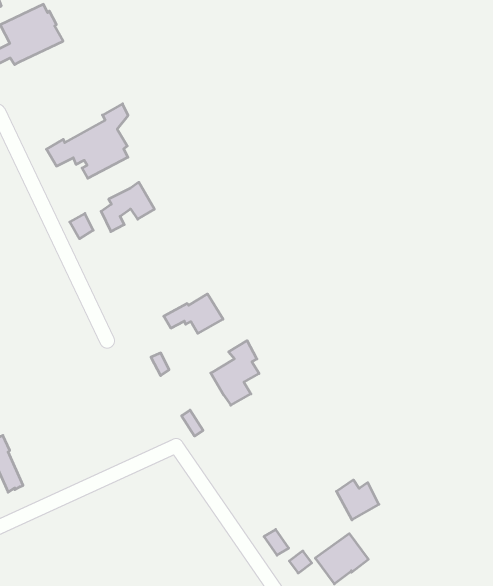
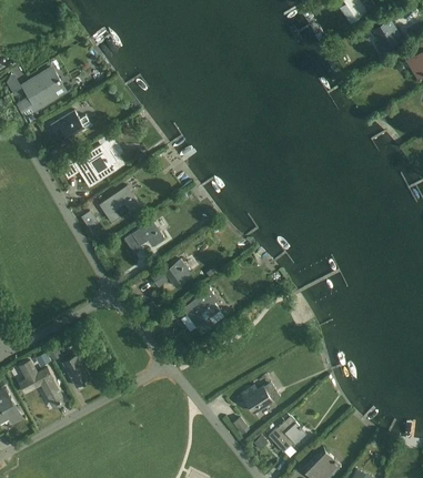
building: none -> [51,111,93,139]
building: none -> [124,220,164,254]
building: none -> [62,354,91,386]
building: [336,480,379,520] -> [242,385,272,413]

